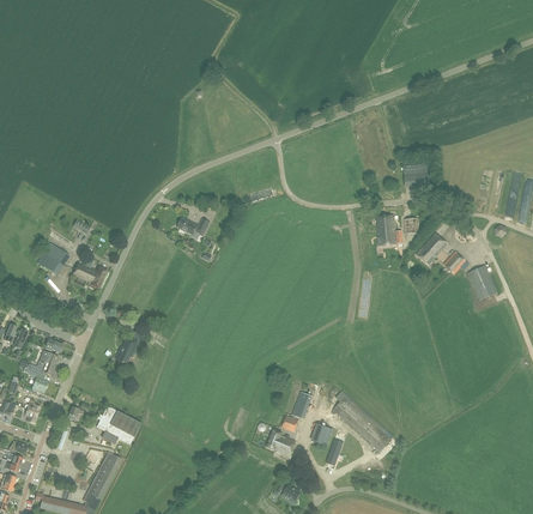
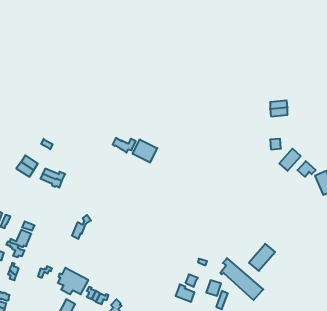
building: [375,214,401,246] -> none
building: none -> [133,139,157,163]
building: none -> [249,244,275,271]

